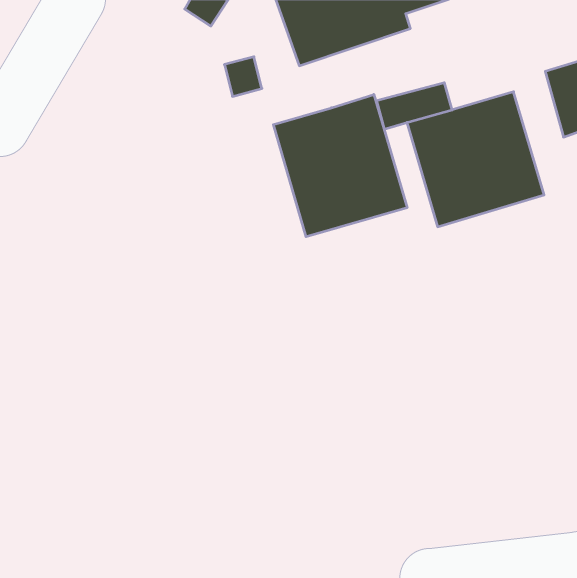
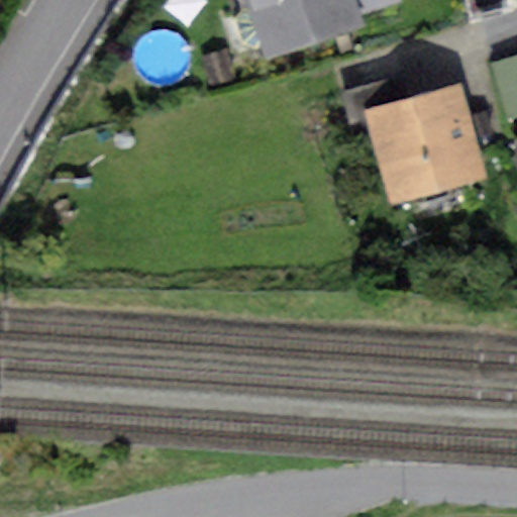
building: [273,94,407,237] -> none

